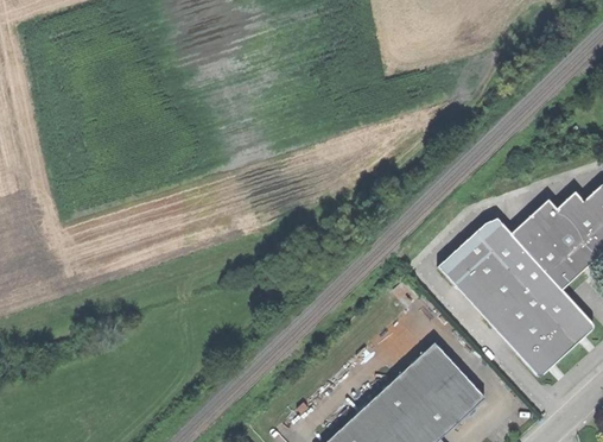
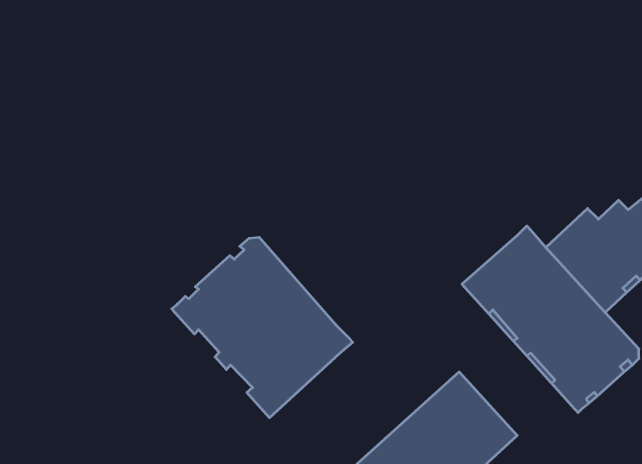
building: none -> [172,237,353,418]

